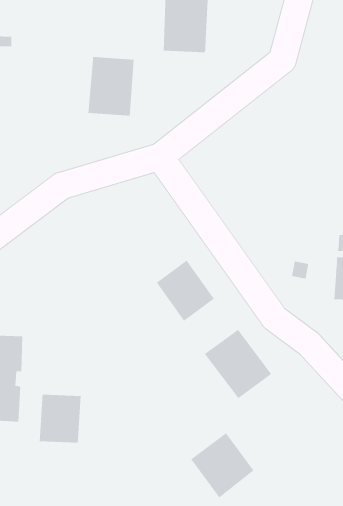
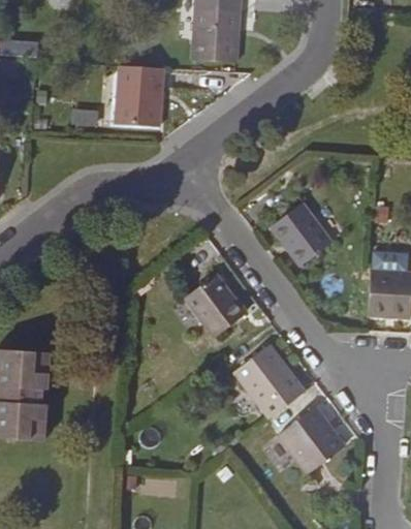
building: none -> [271,204,331,267]
building: [39,394,81,444] -> none
building: [190,432,254,499] -> [278,406,344,474]

